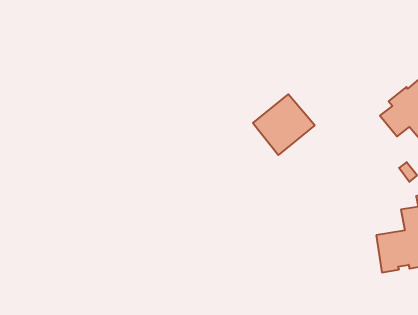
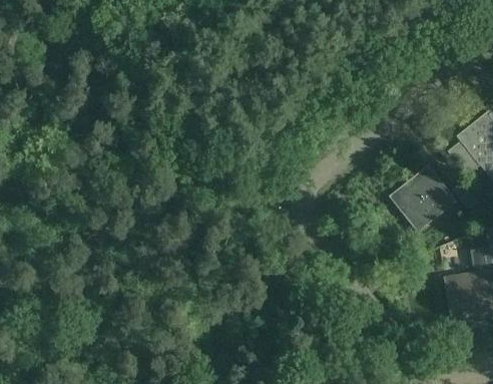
building: [253,94,315,155] -> [392,166,457,231]

